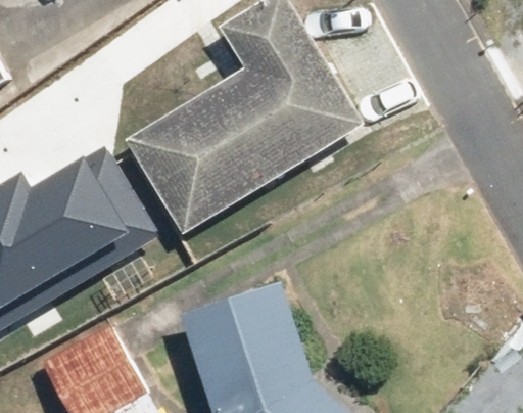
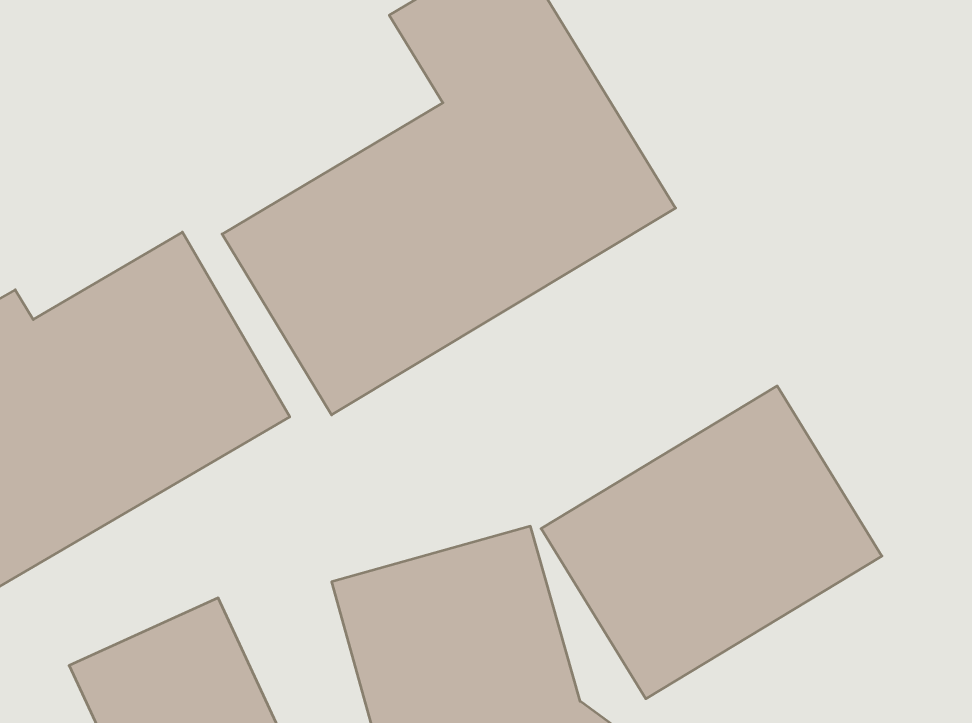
building: none -> [541,386,882,699]

